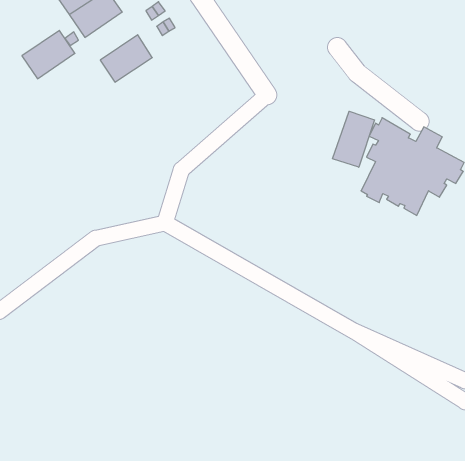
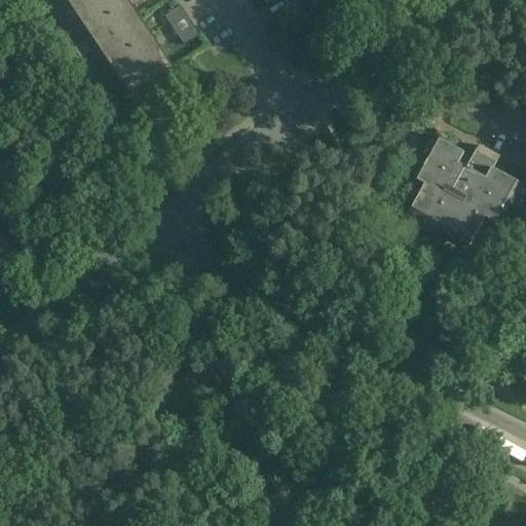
building: [22,30,75,79] -> [96,13,155,68]
building: [332,111,375,167] -> none

